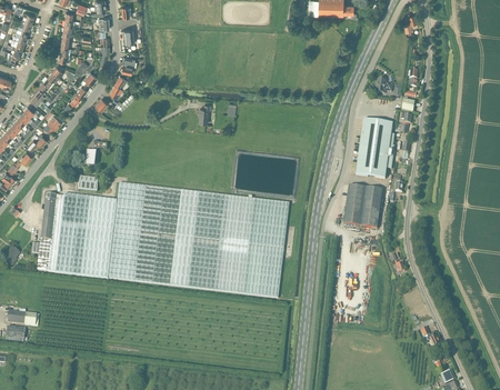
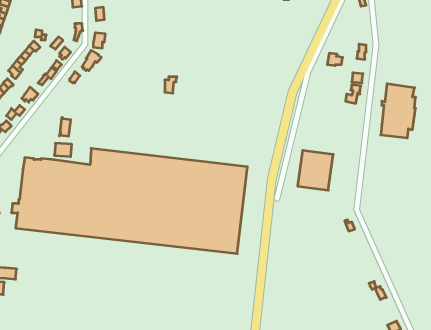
building: [357,120,394,179] -> [381,84,416,138]

